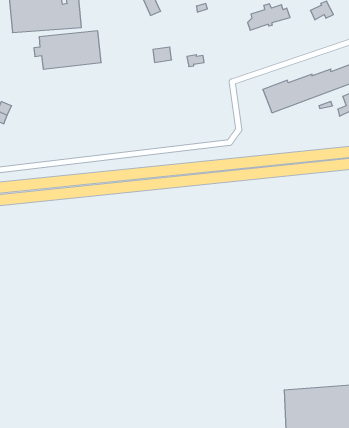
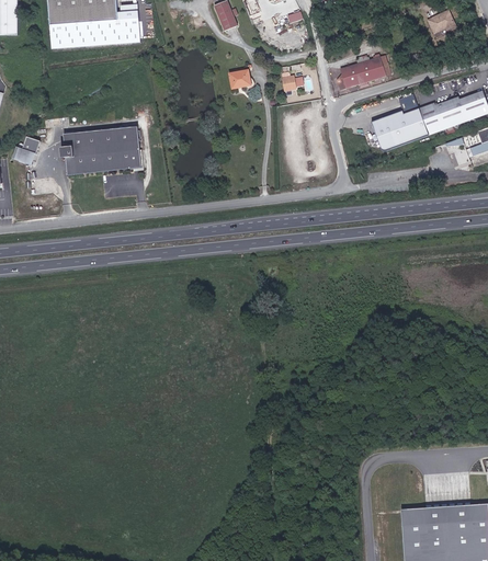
building: [248,4,290,30] -> [341,57,396,91]
building: [34,31,101,69] -> [55,126,141,175]

